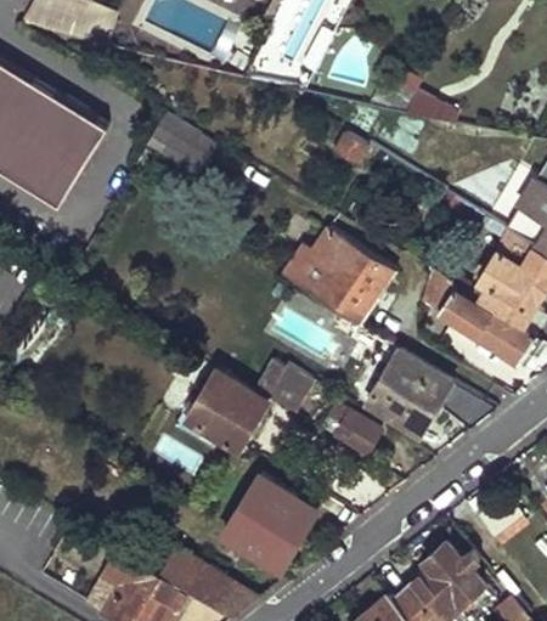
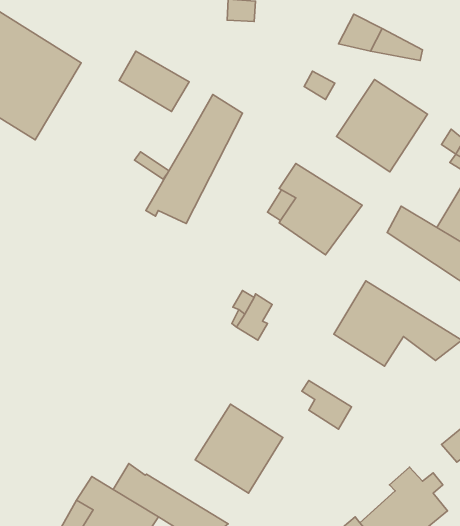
building: none -> [337,80,428,172]
building: none -> [146,94,243,224]
building: [187,371,267,451] -> none
building: [329,405,380,455] -> [302,381,351,429]

